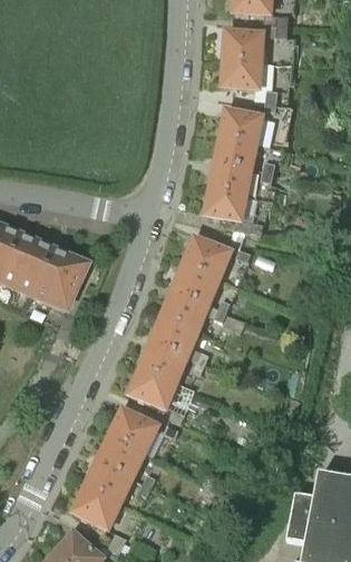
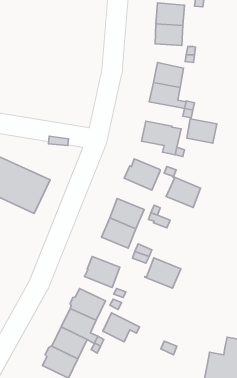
building: [211,161,251,194] -> [187,119,217,143]
building: [173,263,218,304] -> [166,176,201,207]
building: [139,341,187,381] -> [145,258,181,288]
building: none -> [103,313,140,342]

